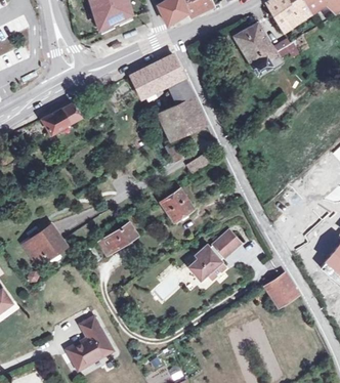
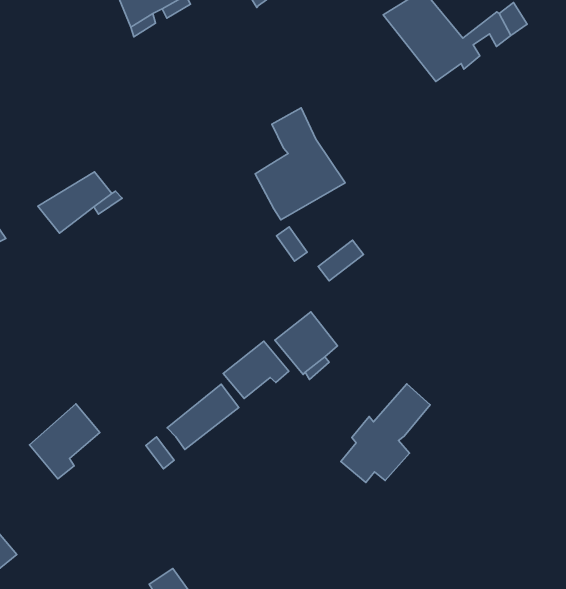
building: [130,53,181,96] -> none
building: none -> [223,341,289,399]
building: [264,271,298,305] -> none

